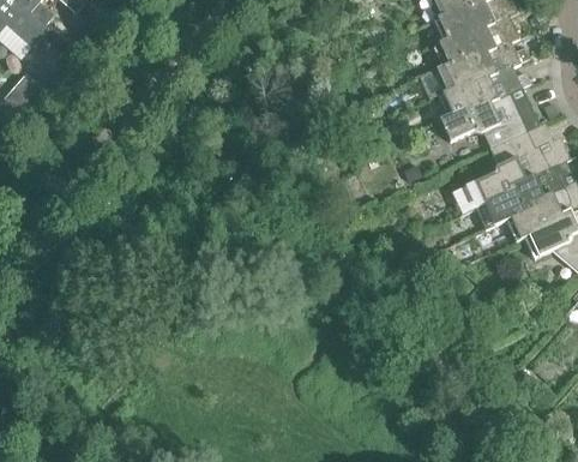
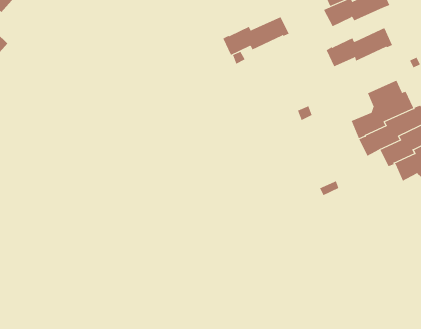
building: [438,42,522,91] -> [222,17,289,56]
building: [440,91,528,149] -> none

